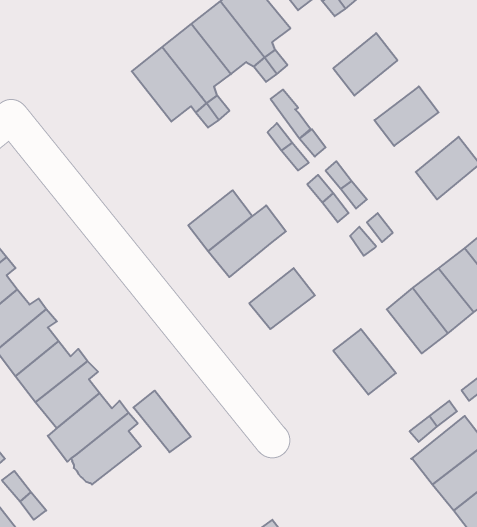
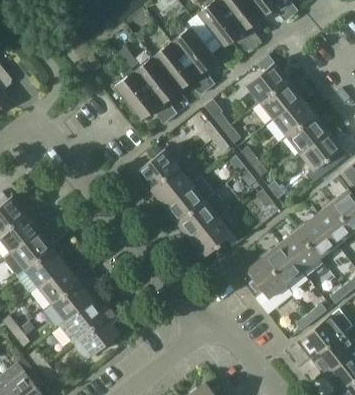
building: none -> [259,81,301,120]
building: none -> [285,115,327,154]
building: none -> [136,149,179,189]
building: none -> [177,193,228,240]
building: none -> [263,244,303,286]
building: [133,391,191,452] -> none

